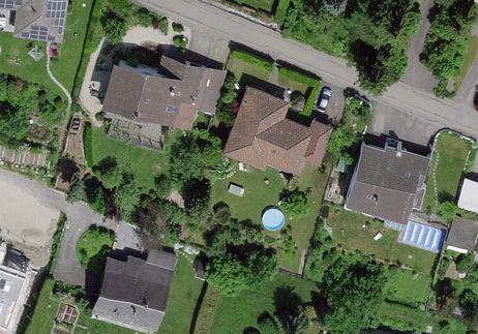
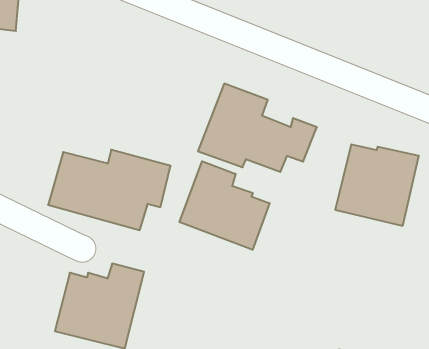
building: [104,58,215,130] -> [48,150,171,230]
building: none -> [180,161,270,250]

